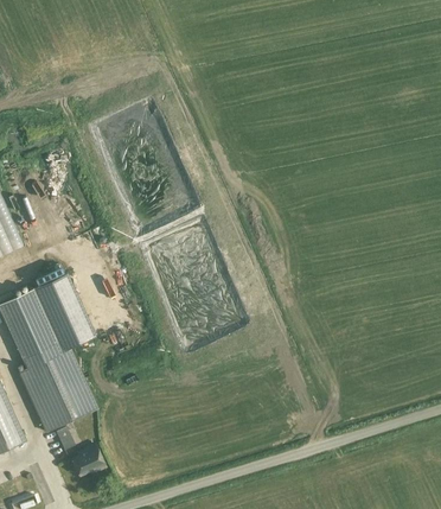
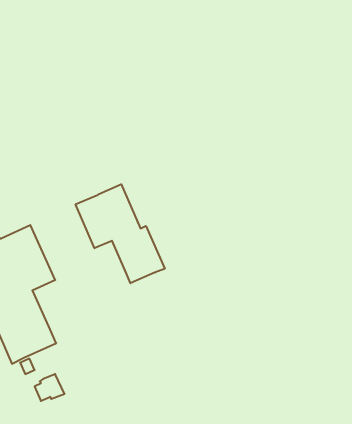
building: none -> [76,184,165,283]

